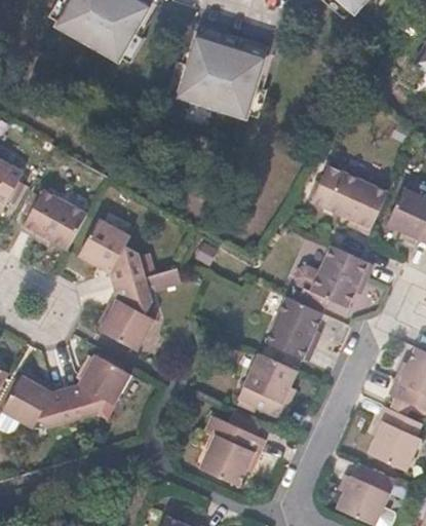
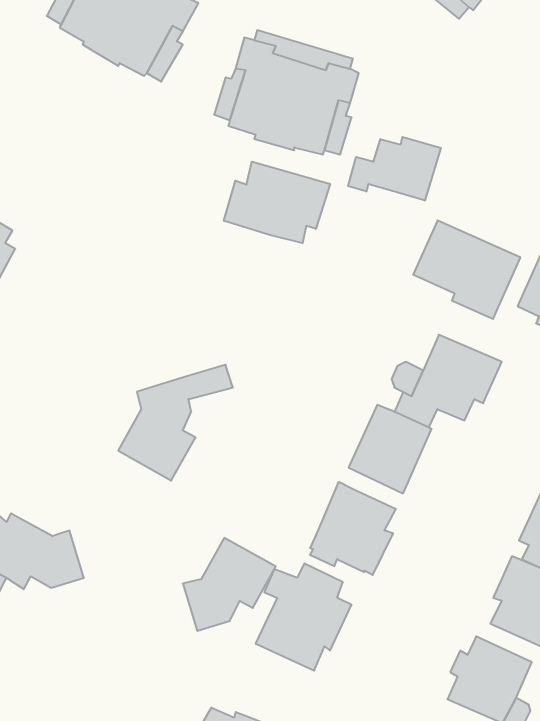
building: none -> [348,137,441,201]
building: none -> [224,162,330,243]
building: [21,189,87,250] -> none
building: [78,218,146,288] -> none
building: [65,354,131,421] -> [183,538,276,631]

